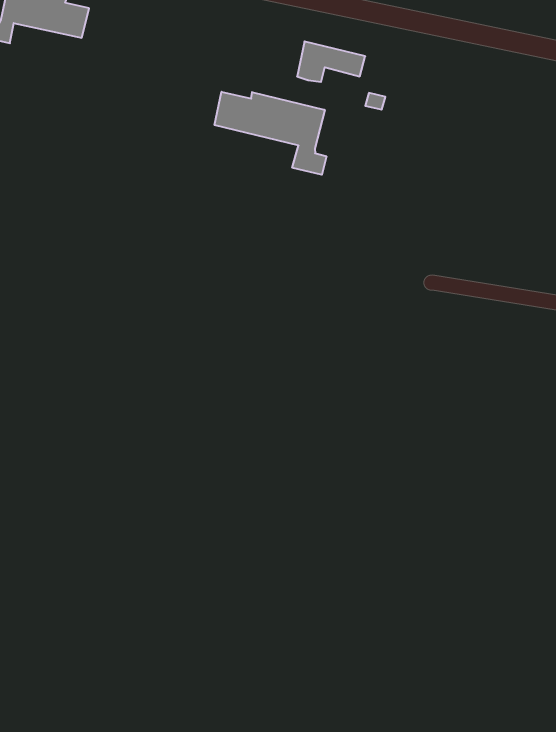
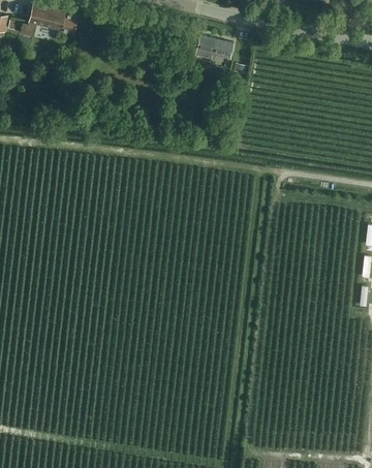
building: [215,92,326,175] -> none

